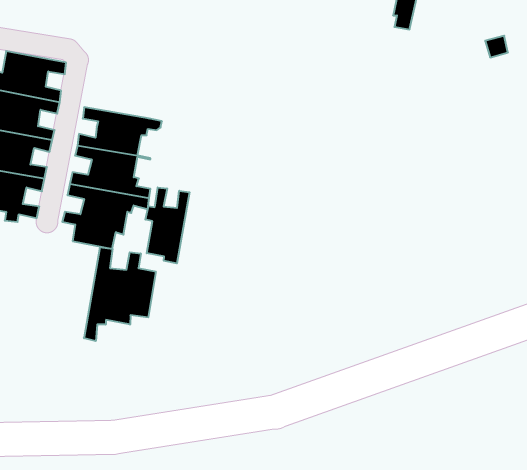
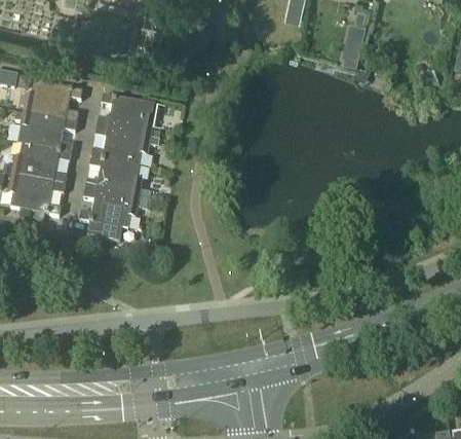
building: none -> [95,96,154,137]
building: [145,187,190,263] -> none
building: [84,247,156,341] -> none

